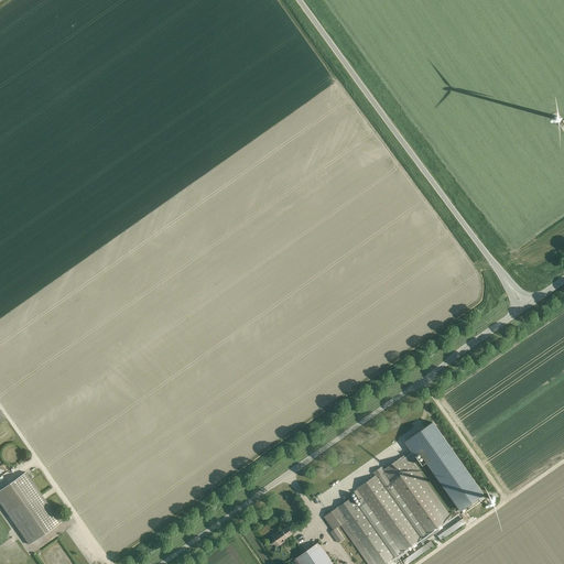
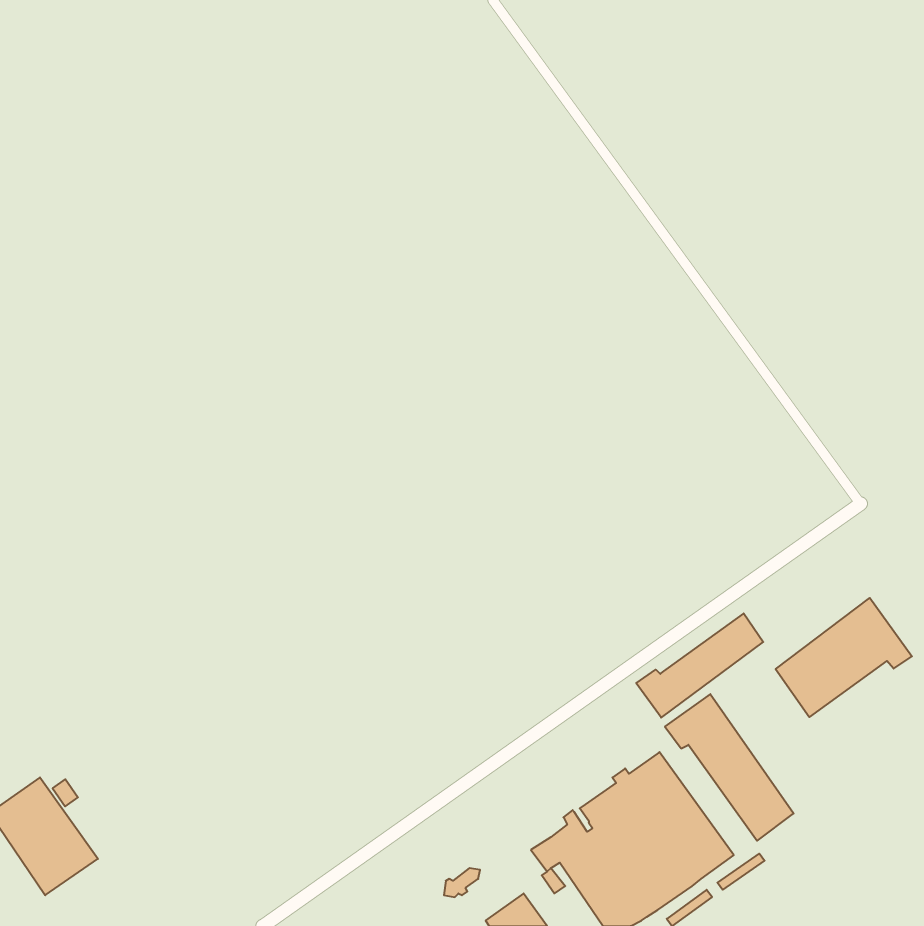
building: none -> [776,598,912,717]
building: none -> [636,613,763,718]

